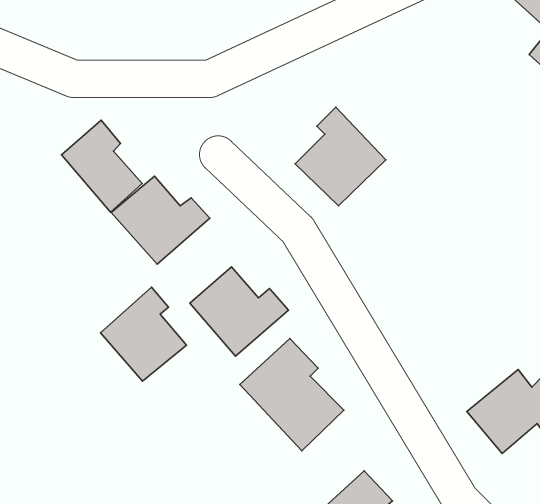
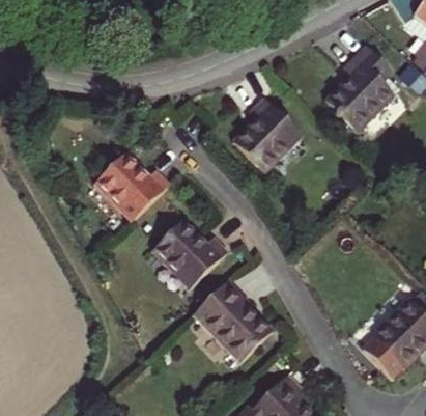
building: none -> [326,43,398,133]
building: [61,120,142,212] -> none
building: [100,287,187,381] -> none

